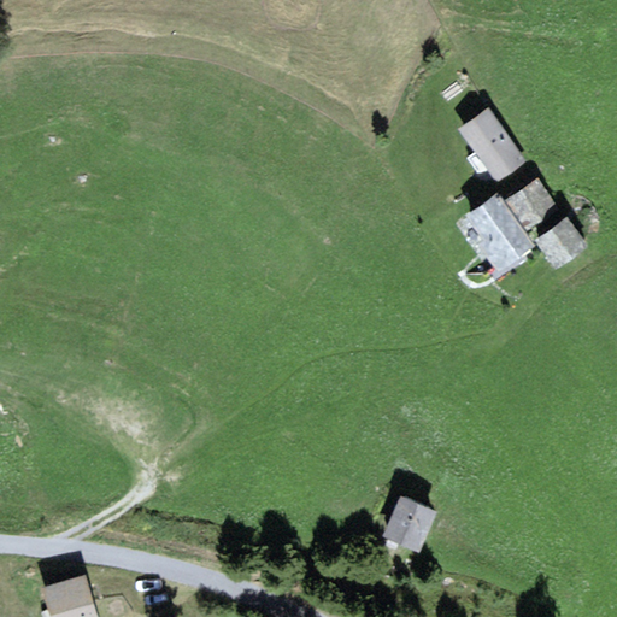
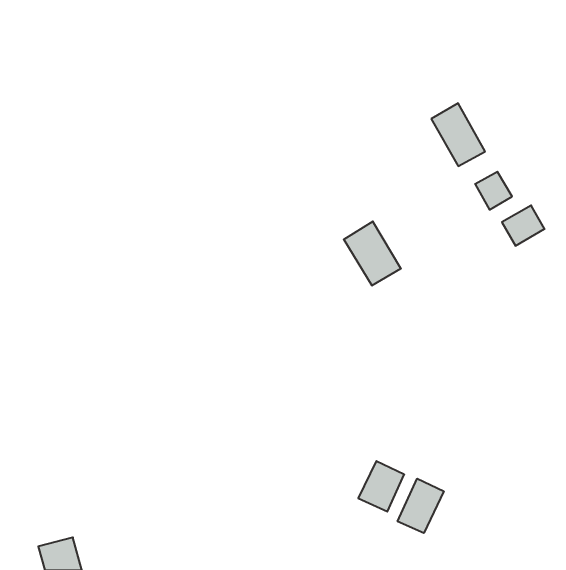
building: [465,196,527,265] -> [344,221,401,285]
building: none -> [398,479,444,533]

